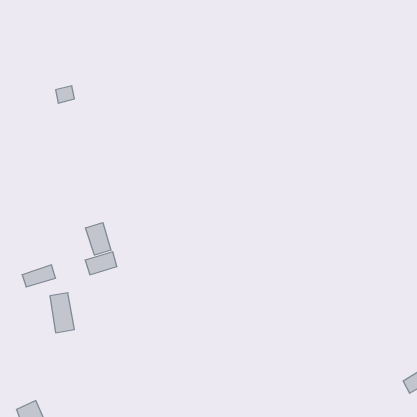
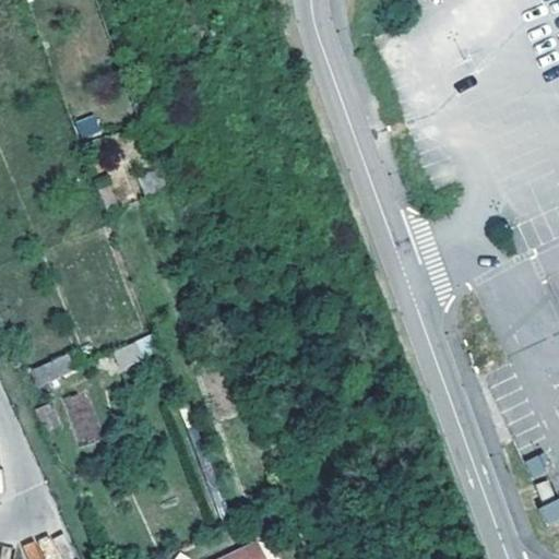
building: [86,223,111,255] -> none

